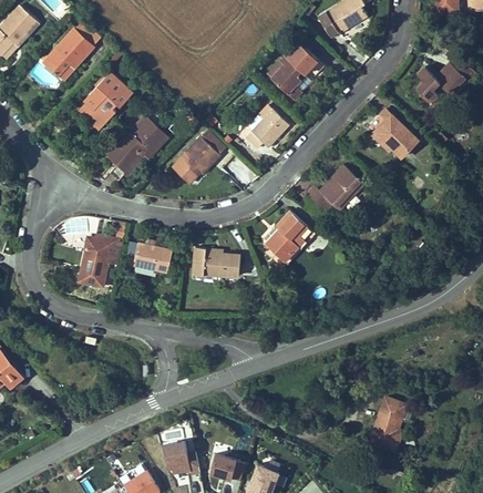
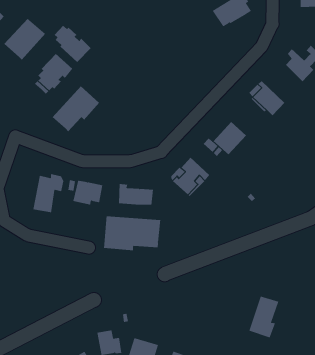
building: none -> [54,25,91,63]
building: [270,42,322,97] -> none
building: [245,107,288,147] -> none
building: [172,137,218,183] -> none
building: none -> [103,215,161,251]

